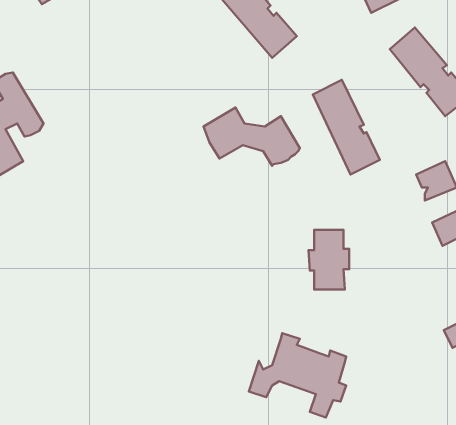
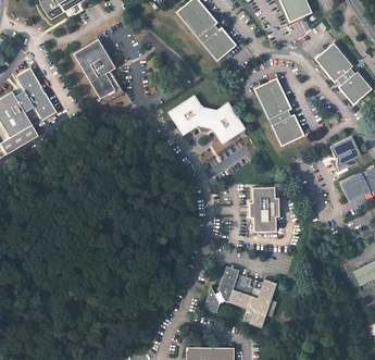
building: none -> [72,40,122,105]

